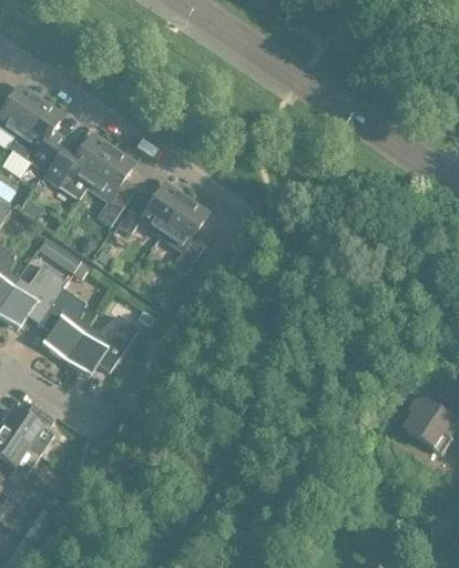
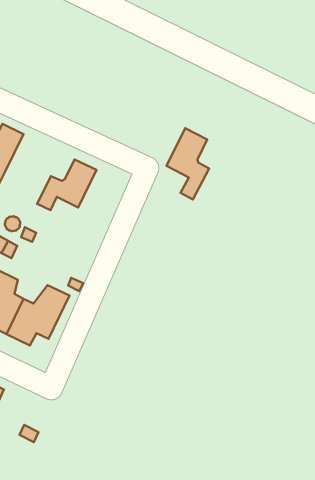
building: [86,148,133,224] -> none
building: [160,196,207,274] -> [166,128,209,200]

